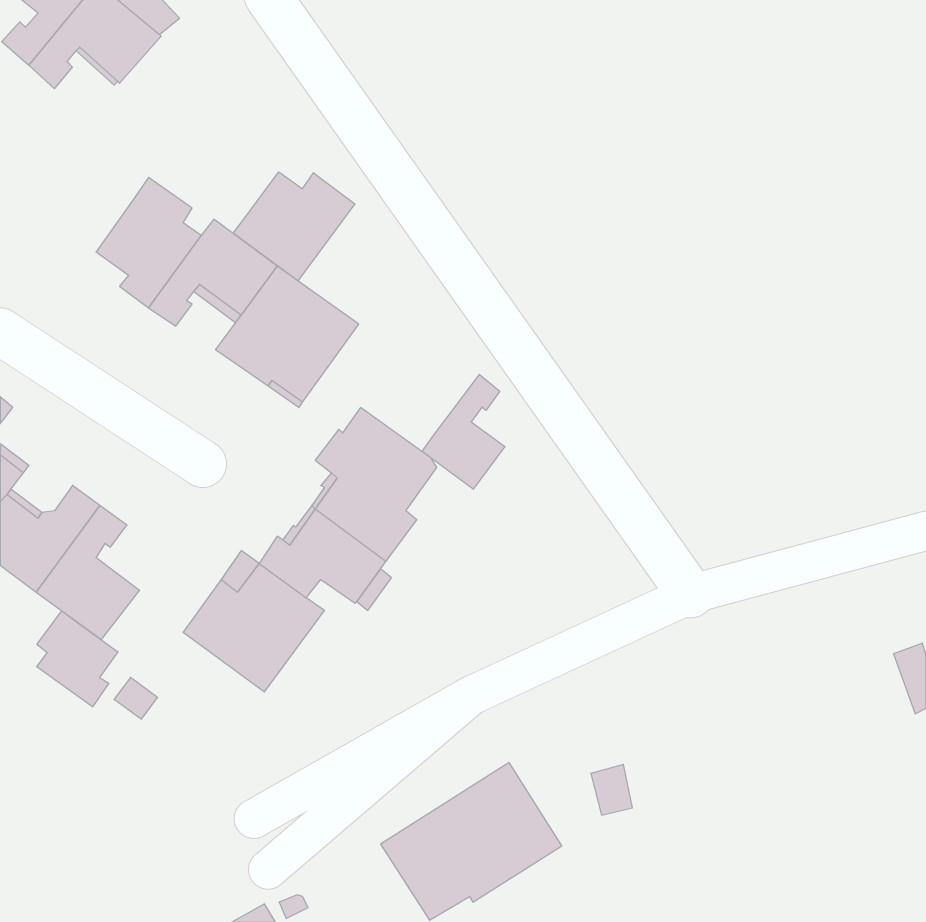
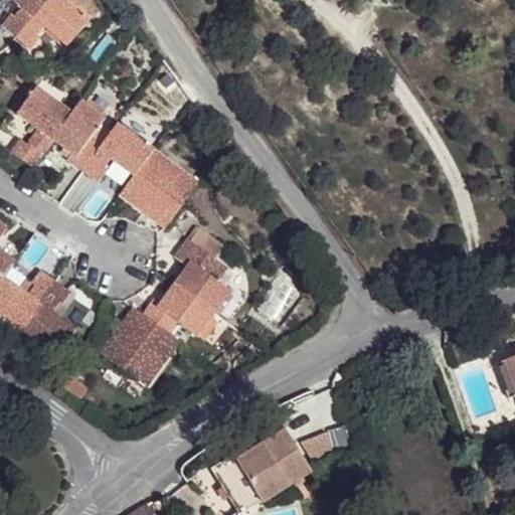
building: none -> [11,85,73,167]
building: [233,172,355,281] -> none
building: [422,374,505,489] -> none
building: [37,611,118,707] -> none

